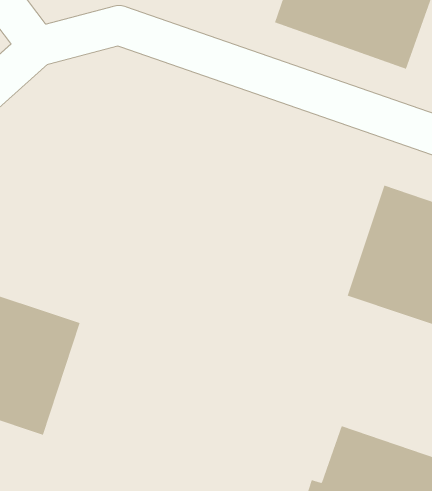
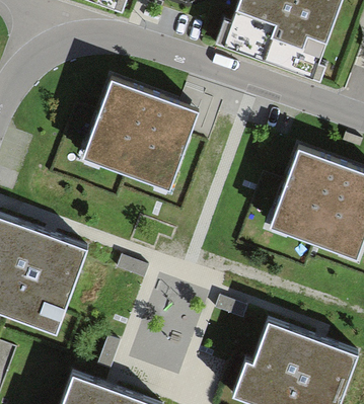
building: none -> [83,80,199,190]

